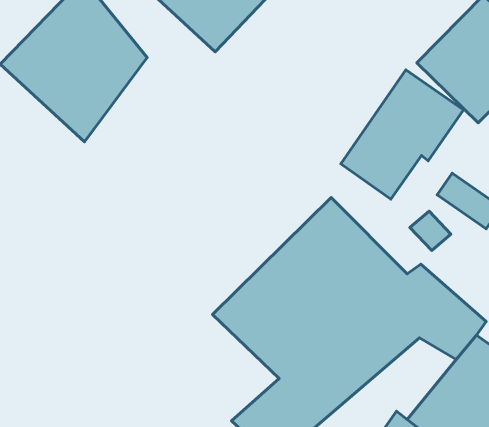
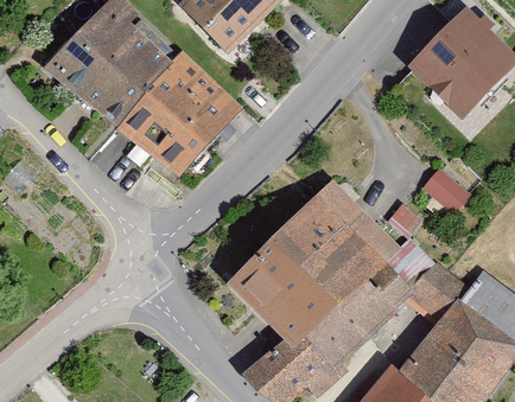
building: none -> [116,49,239,177]
building: [341,70,464,199] -> none

